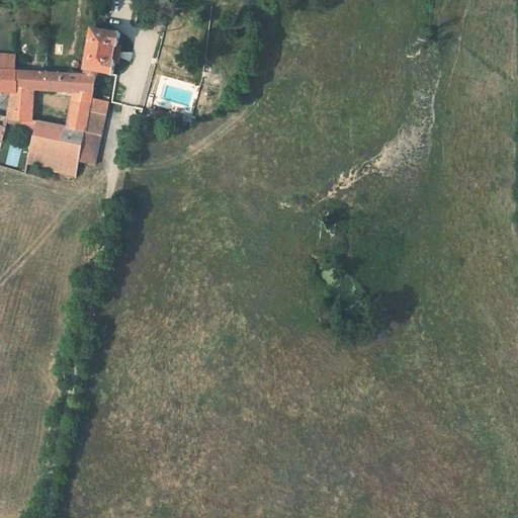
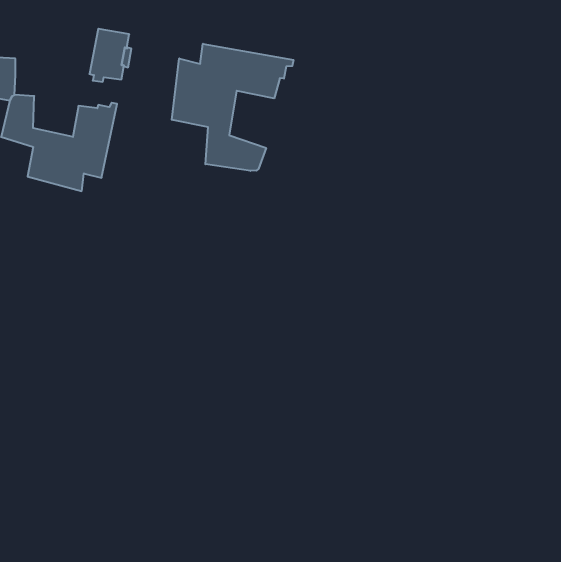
building: none -> [172,44,293,171]
building: [13,69,94,99] -> none

